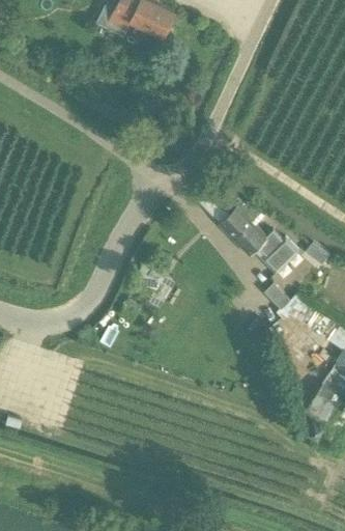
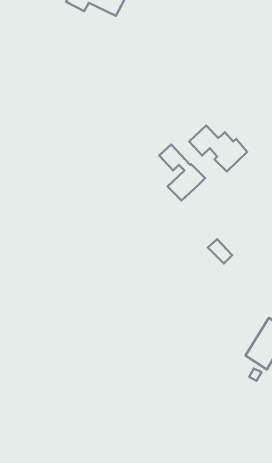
building: [234,222,298,273] -> [189,126,247,172]

